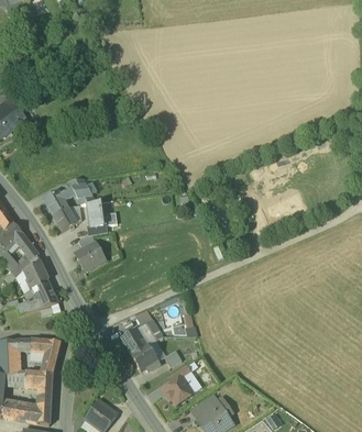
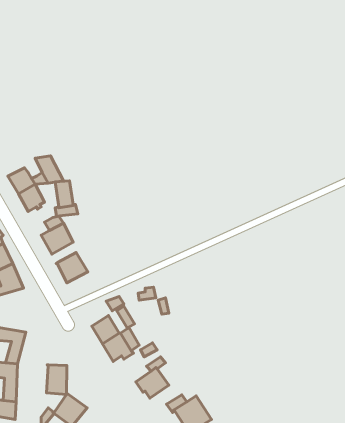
building: none -> [56,252,88,283]
building: none -> [46,365,67,394]

